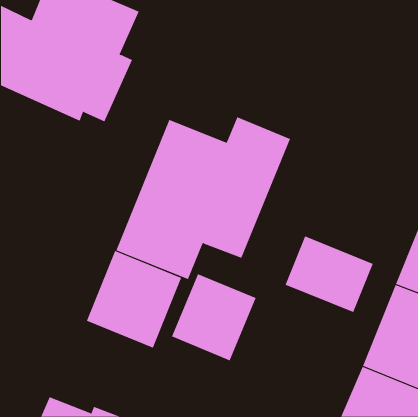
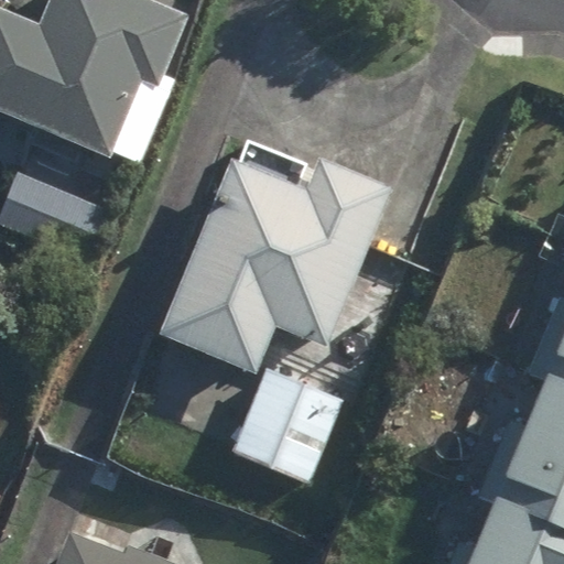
building: [285,236,373,313] -> none
building: [86,250,182,348] -> none

